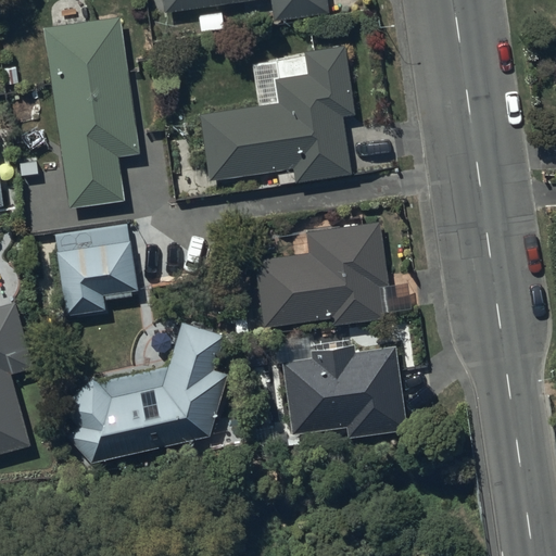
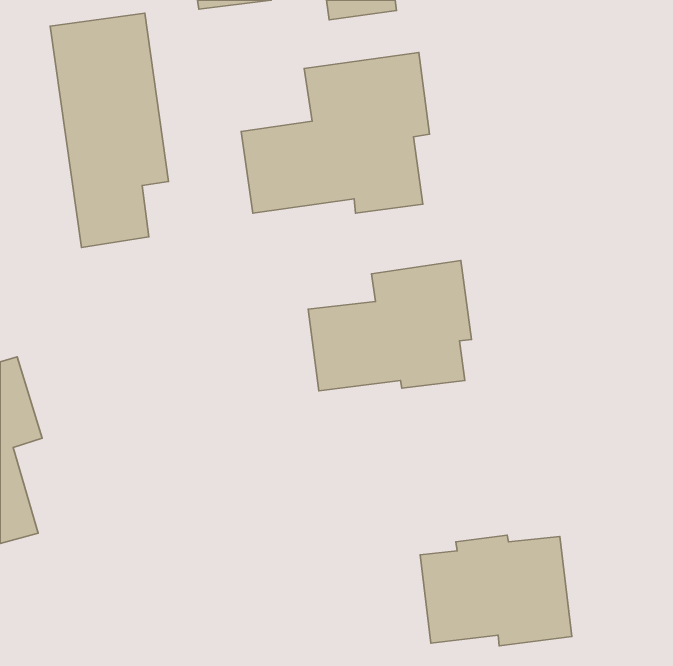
building: [53,225,137,315] -> none
building: [62,323,227,462] -> none
building: [282,345,407,437] -> [420,535,572,646]

